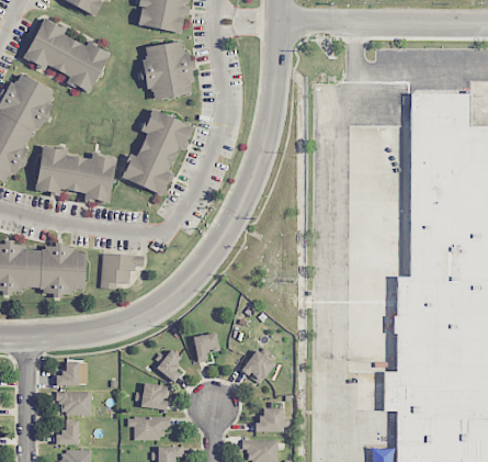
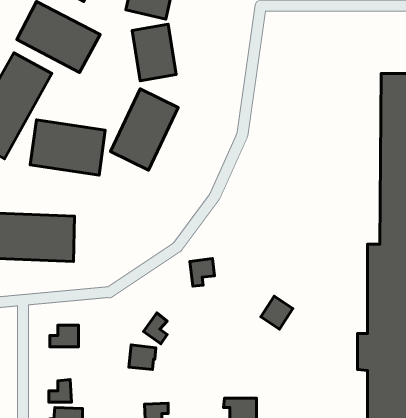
building: [101,252,137,289] -> none
building: [194,333,220,362] -> [190,259,214,286]
building: [241,349,275,384] -> [261,296,293,329]
building: [56,391,92,415] -> none
building: [257,408,284,432] -> none
building: [127,417,170,439] -> none

